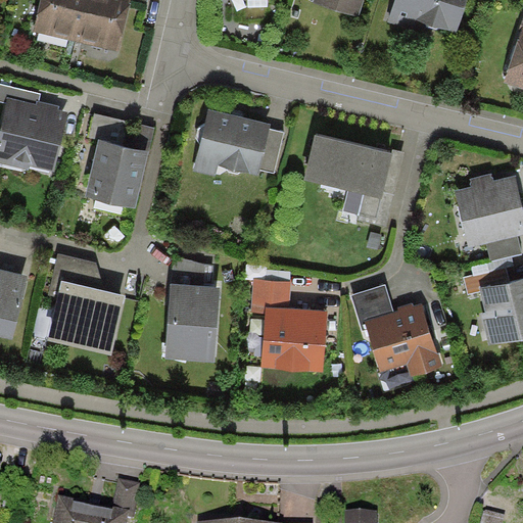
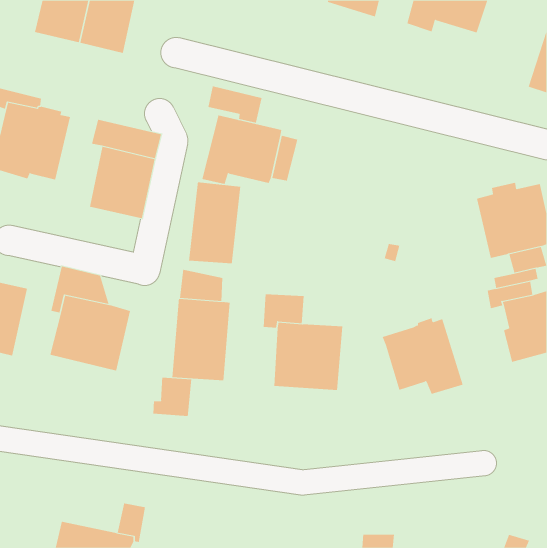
building: none -> [208,85,262,124]
building: [303,135,403,227] -> none
building: none -> [189,182,241,264]
building: [350,284,393,330] -> none
building: none -> [153,377,192,417]

